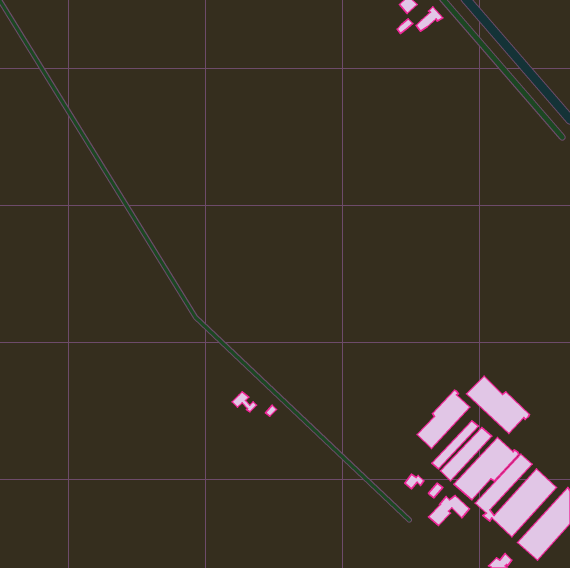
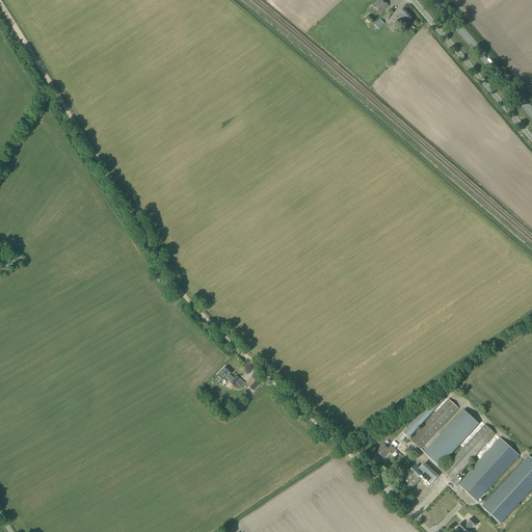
building: [467,376,529,434] -> none
building: [417,390,470,449] -> none

